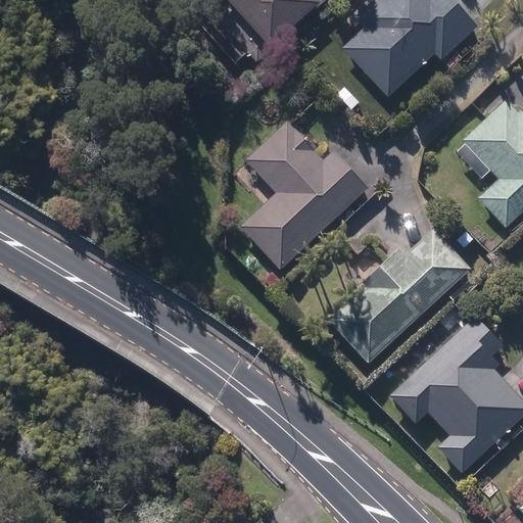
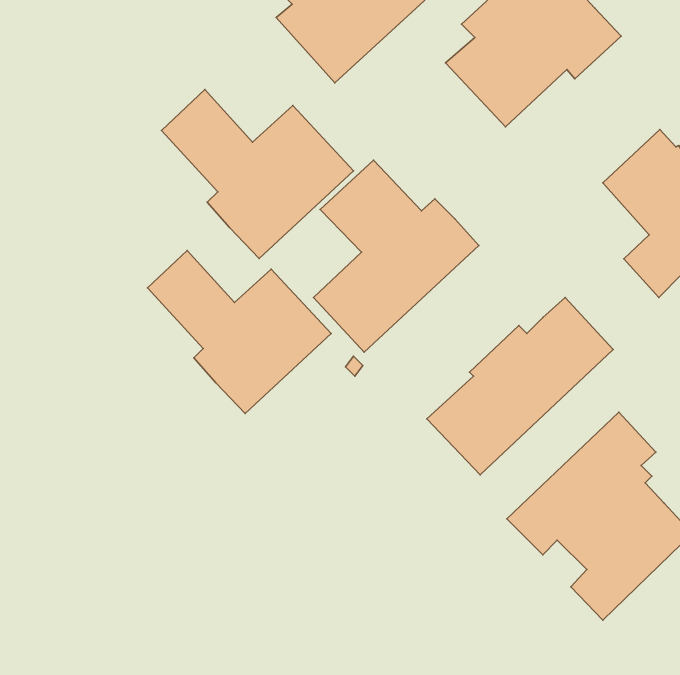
building: none -> [161,90,354,259]
building: none -> [148,250,331,414]

